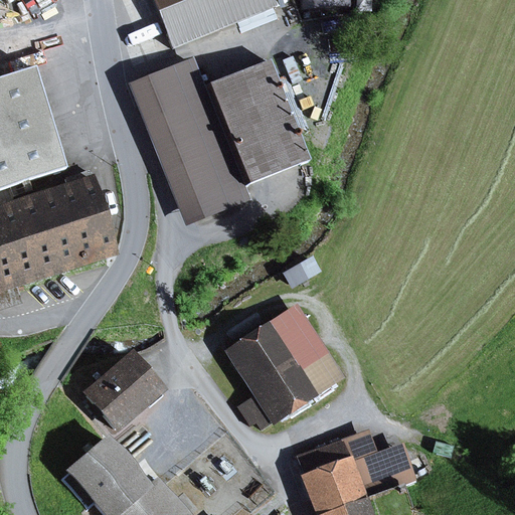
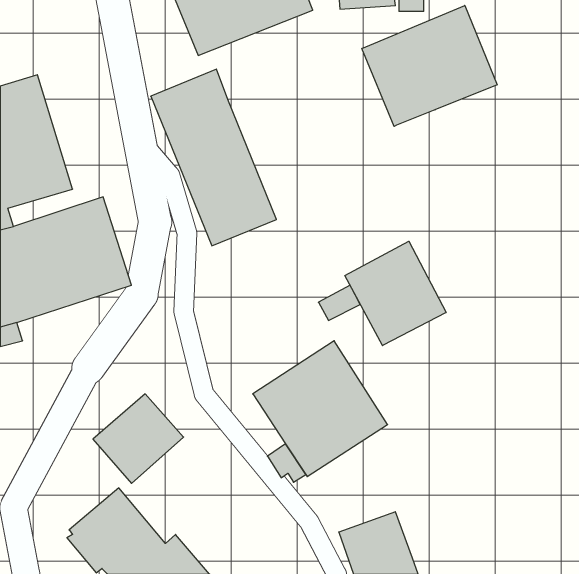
building: none -> [362,5,497,126]
building: [202,60,314,195] -> none
building: none -> [345,241,446,346]
building: [295,428,417,496] -> none

